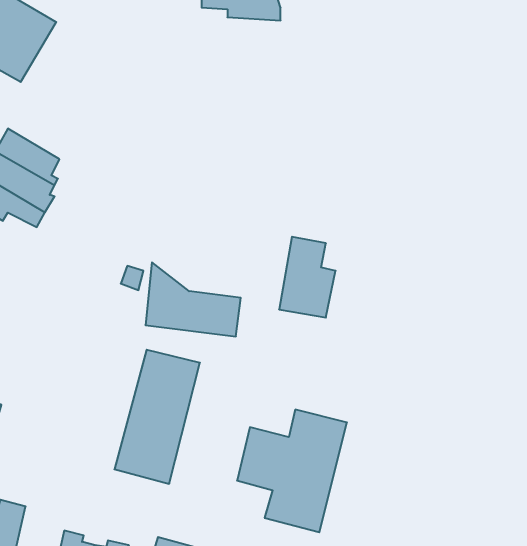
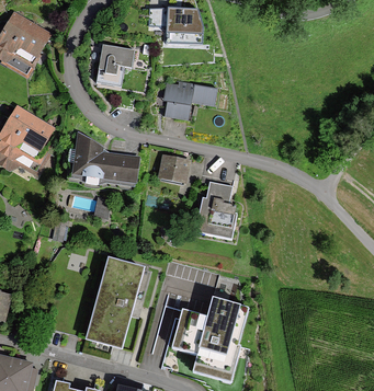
building: none -> [98,43,136,83]
building: none -> [161,80,216,118]
building: none -> [160,154,192,181]
building: [145,262,241,336] -> [77,131,141,182]

